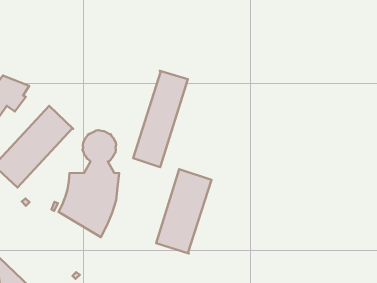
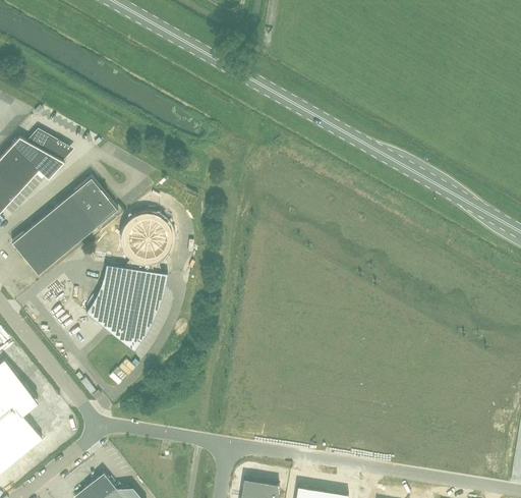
building: [133,71,188,167] -> none
building: [156,169,211,253] -> none

